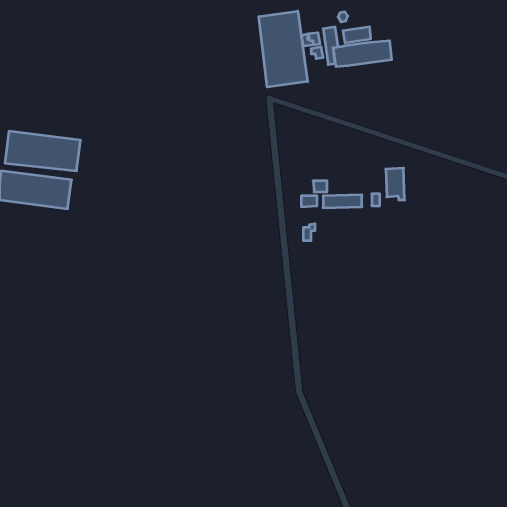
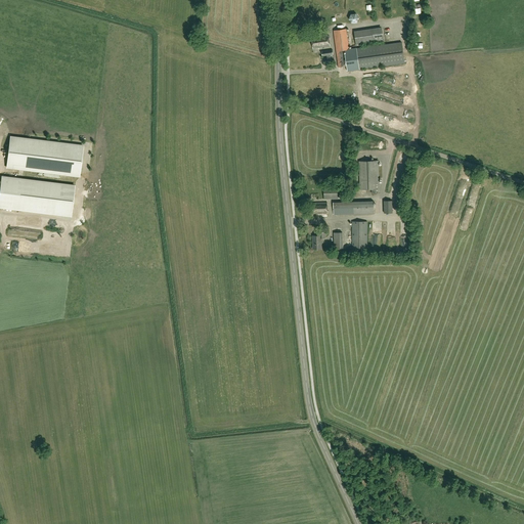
building: [259,11,308,87] -> none
building: [386,168,405,200] -> [358,159,378,191]
building: none -> [351,220,366,248]

